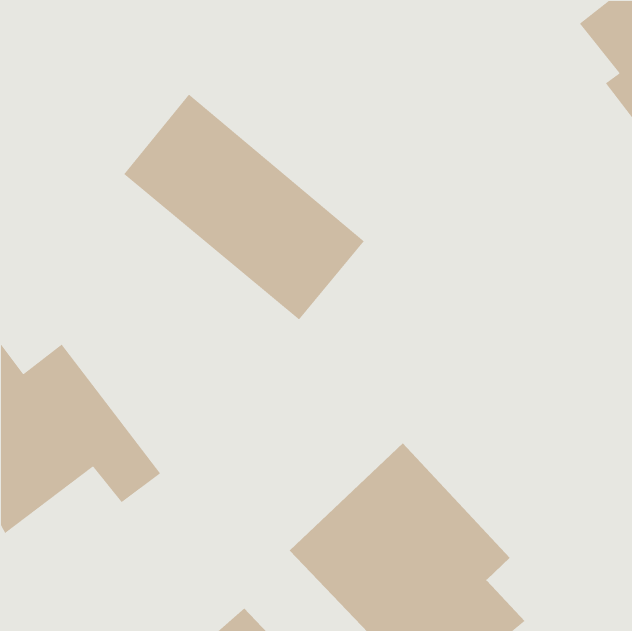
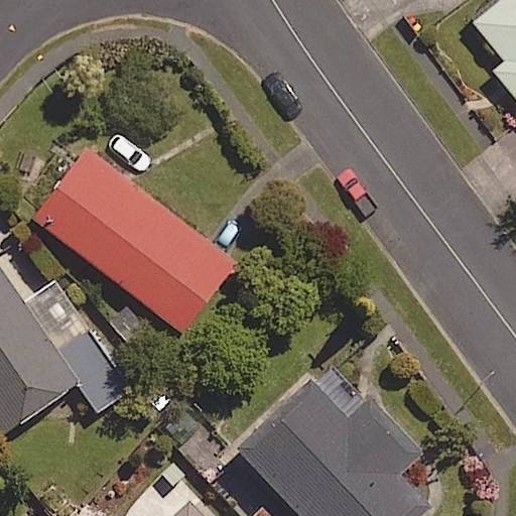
building: [123,93,365,320] -> [34,150,231,335]

